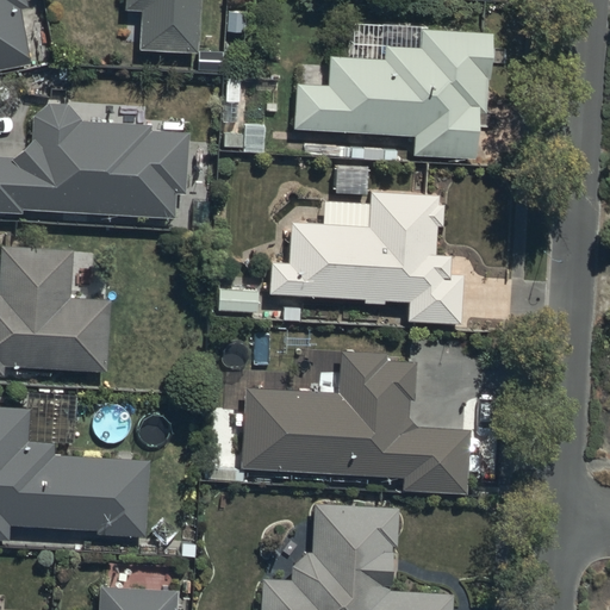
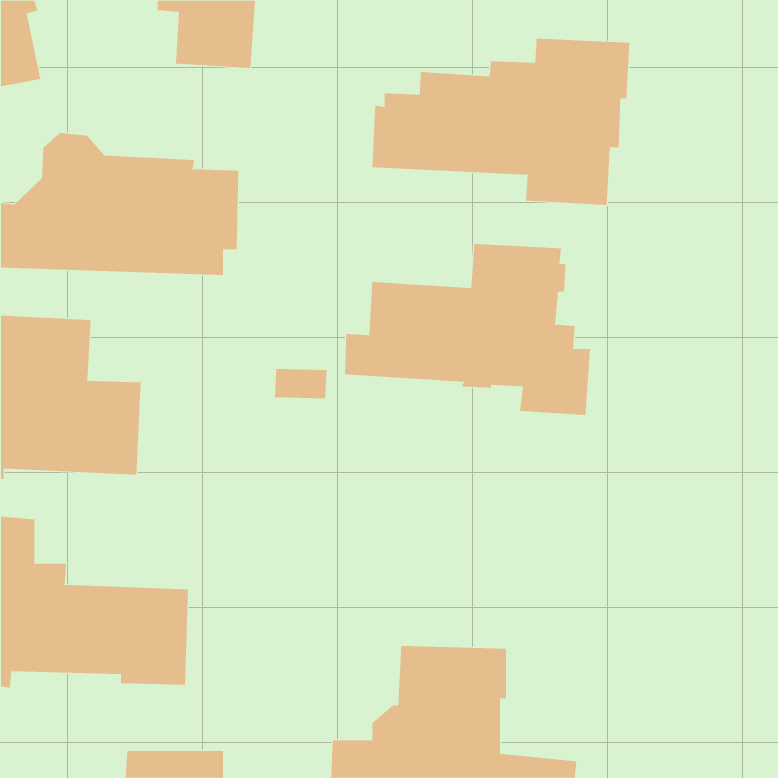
building: [242,351,468,493] -> none

